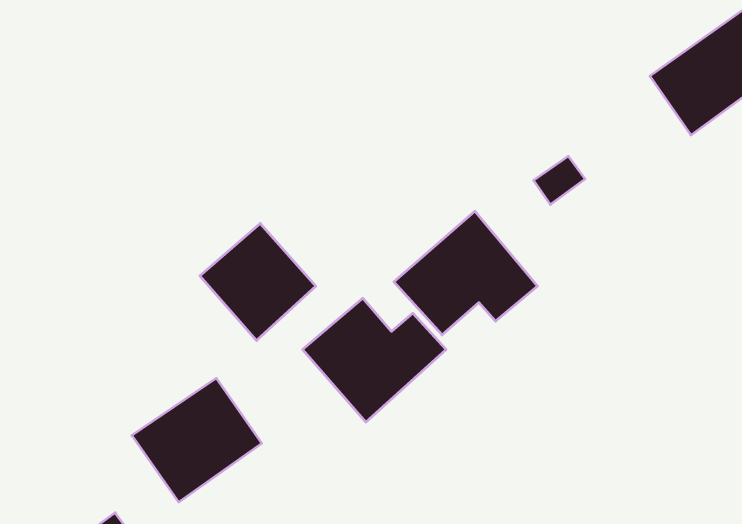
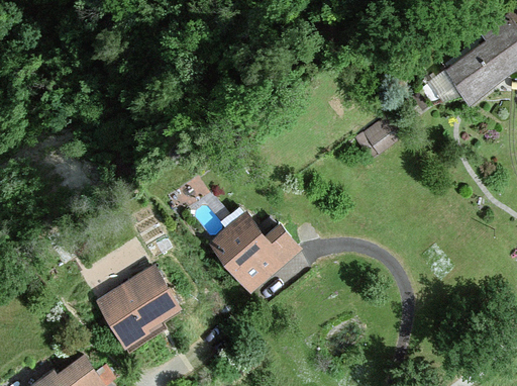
building: [394,211,537,335] -> none
building: [200,223,316,341] -> none

